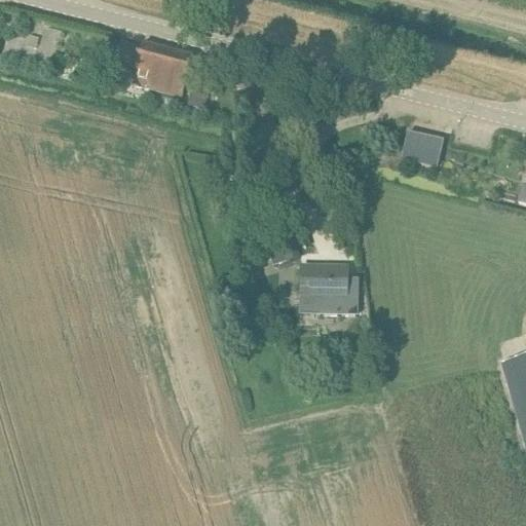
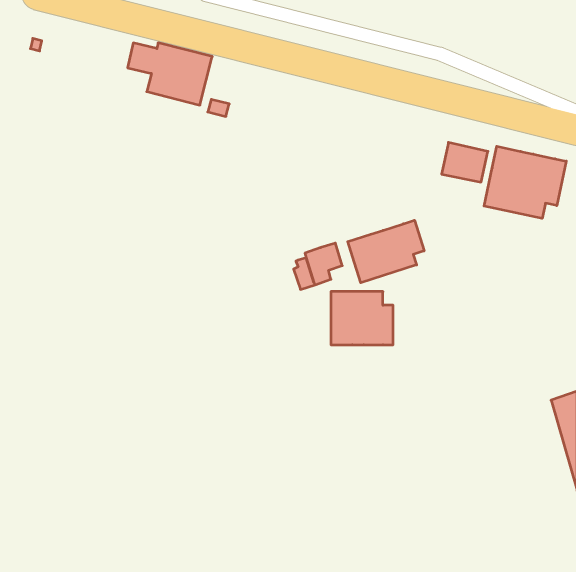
building: none -> [484,146,566,218]
building: none -> [348,220,424,283]

